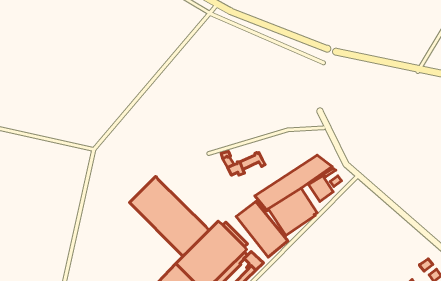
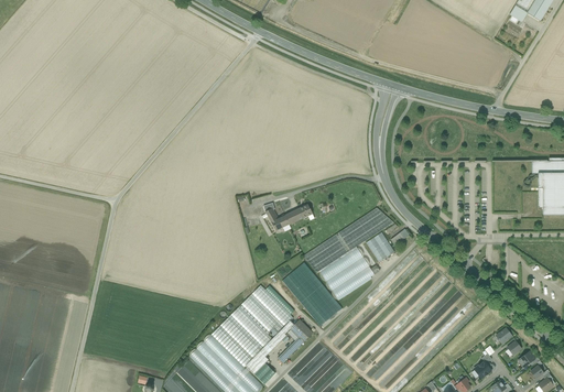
building: [129,177,208,256] -> none

